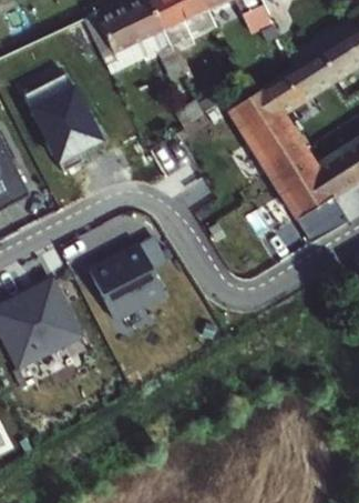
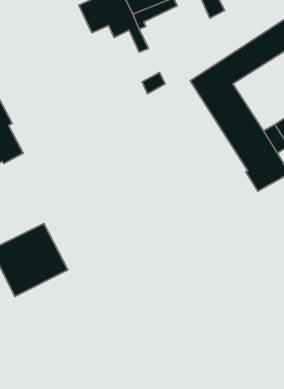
building: [28,76,106,173] -> none
building: [91,245,166,320] -> none

